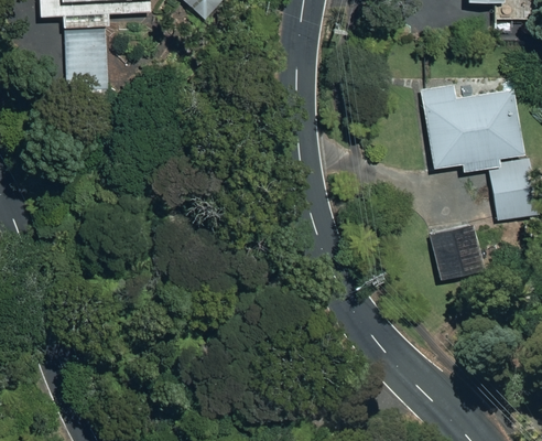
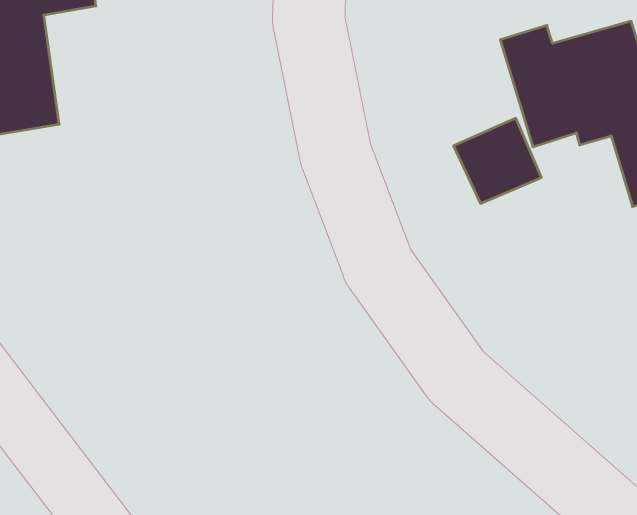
building: [426,223,485,279] -> [454,118,541,203]

